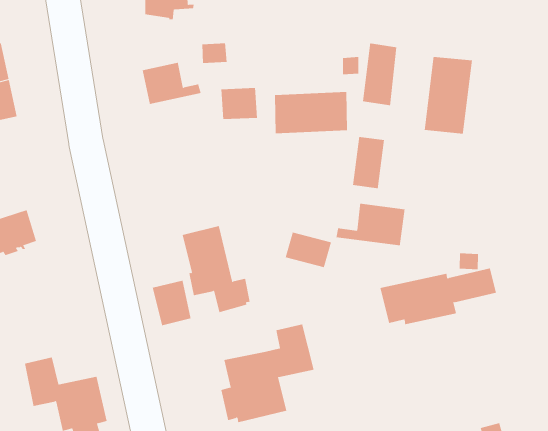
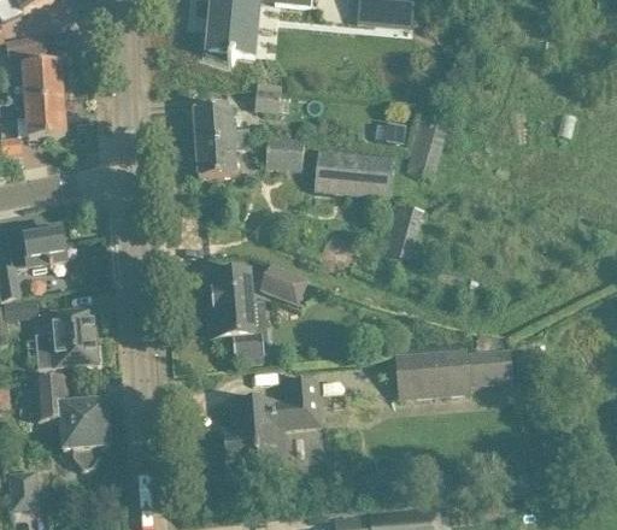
building: [424,56,472,134] -> none
building: none -> [196,139,249,177]
building: [336,203,405,246] -> none
building: [285,232,332,268] -> [260,265,308,305]
building: [152,280,191,326] -> none
building: none -> [36,308,99,369]

